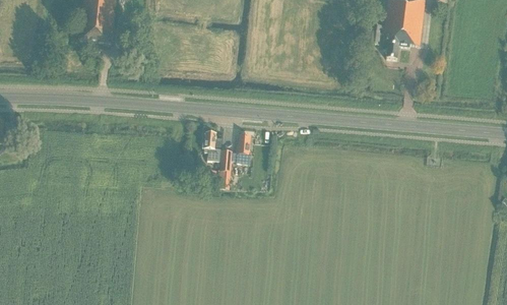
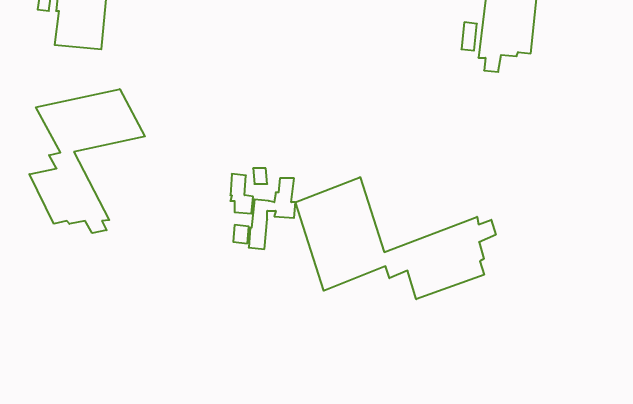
building: none -> [29,89,145,233]
building: none -> [296,177,496,299]

